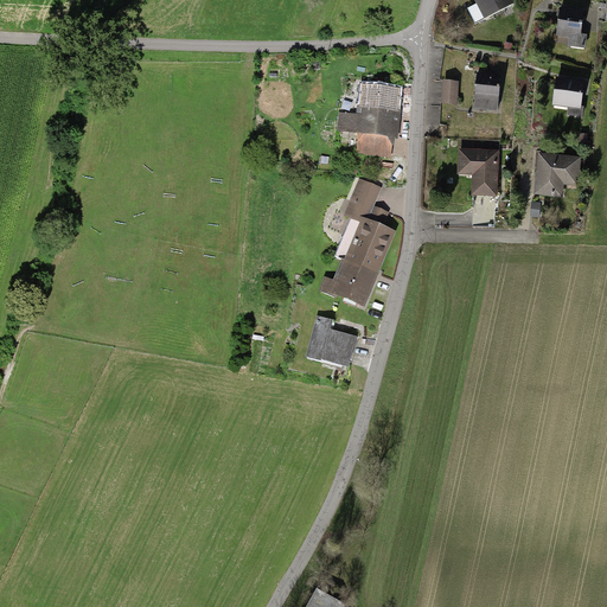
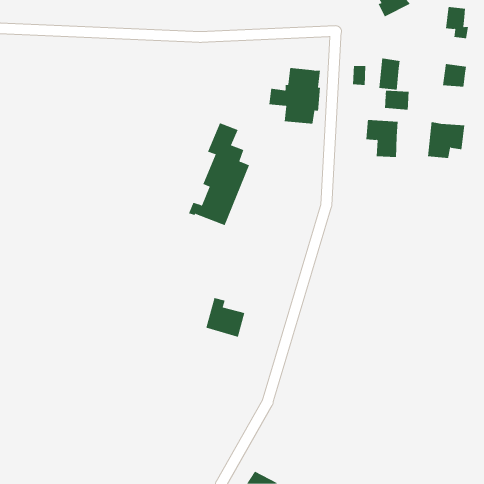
building: none -> [385,90,409,110]
building: [318,178,395,307] -> [188,122,250,226]
building: [306,317,356,366] -> [205,298,245,337]

